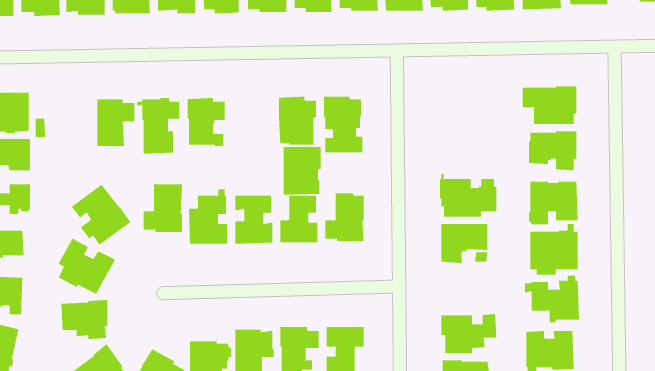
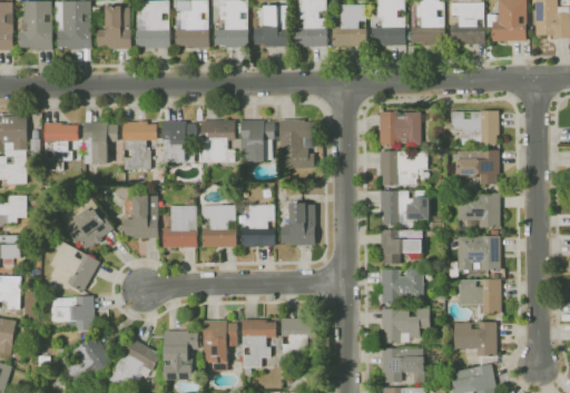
building: none -> [380,111,420,145]
building: none -> [43,120,78,170]
building: none -> [380,150,428,185]
building: [283,146,321,195] -> [202,120,235,163]
building: none -> [381,268,423,303]

